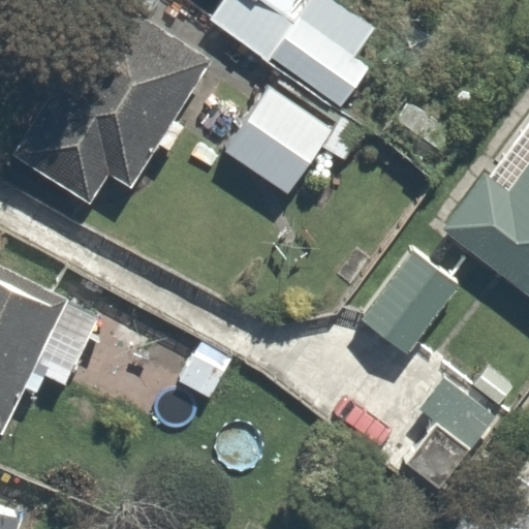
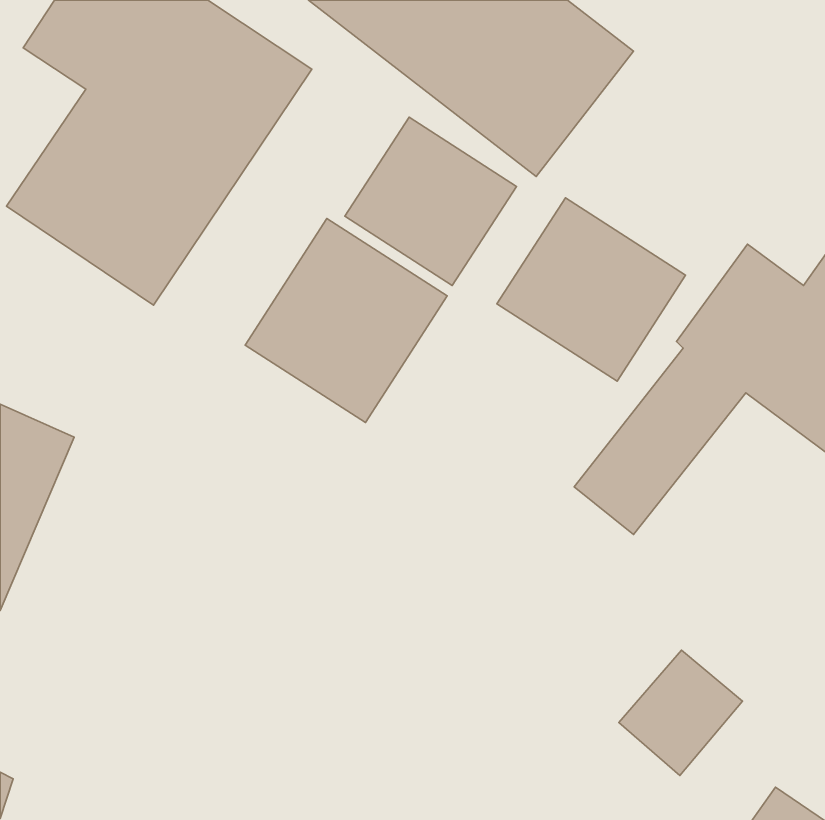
building: none -> [497,198,686,381]
building: none -> [245,219,447,422]

